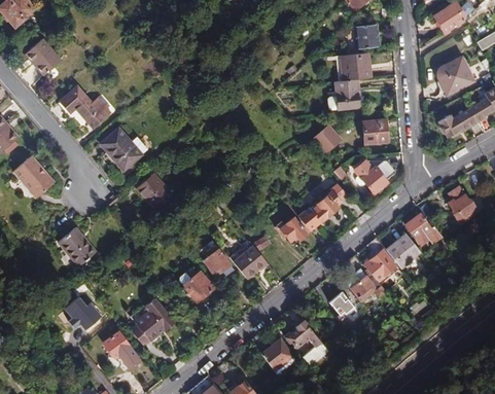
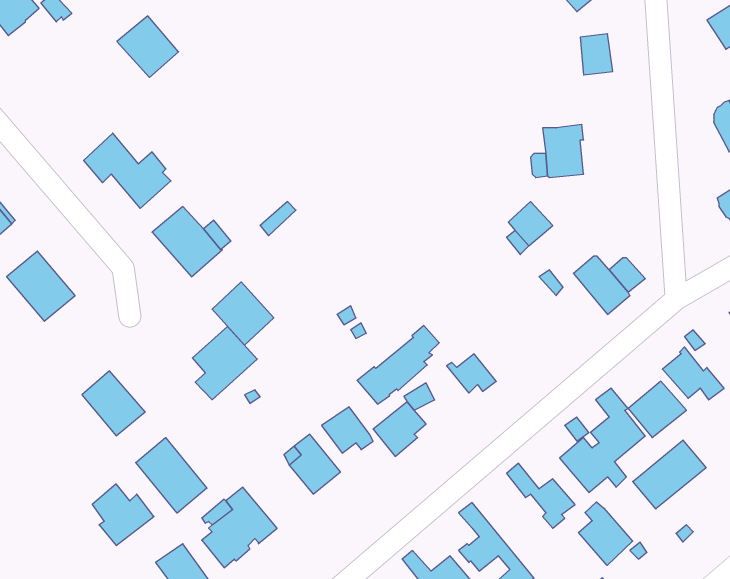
building: [24,39,61,76] -> [117,16,179,77]
building: [341,52,372,81] -> none
building: [362,119,388,143] -> none
building: [296,183,346,230] -> [357,326,439,404]
building: none -> [192,326,257,400]
building: none -> [136,438,207,513]
building: none -> [633,440,706,509]
building: none -> [579,502,633,565]

